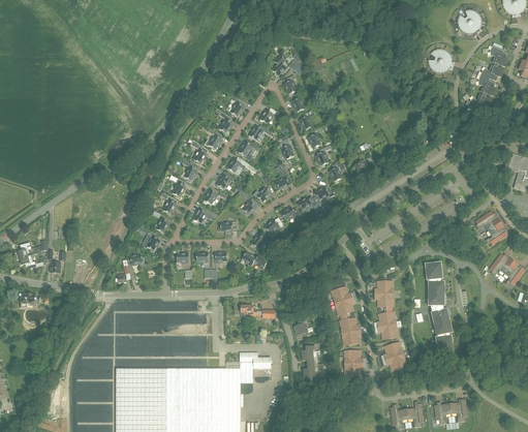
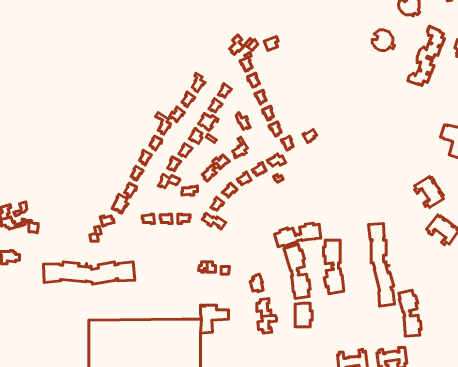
building: none -> [274,223,321,247]
building: none -> [44,262,135,284]
building: none -> [399,290,421,336]
building: [383,342,406,371] -> none

